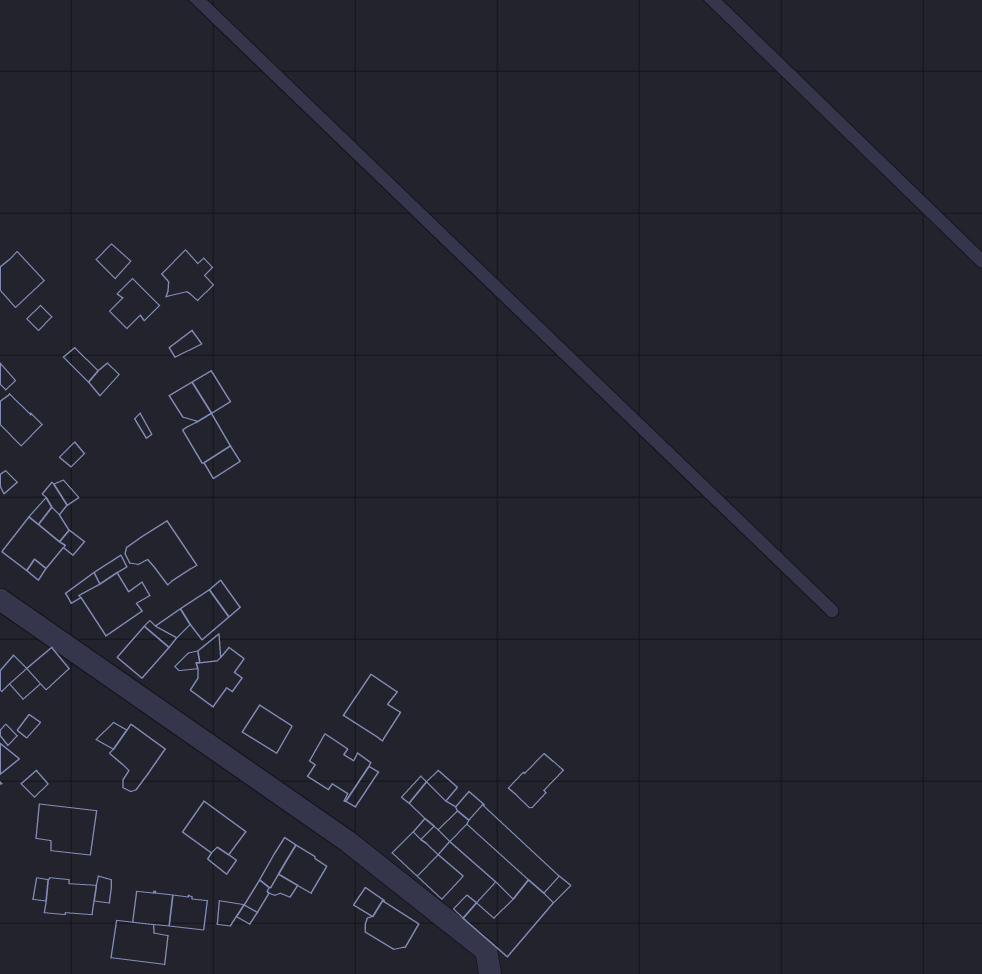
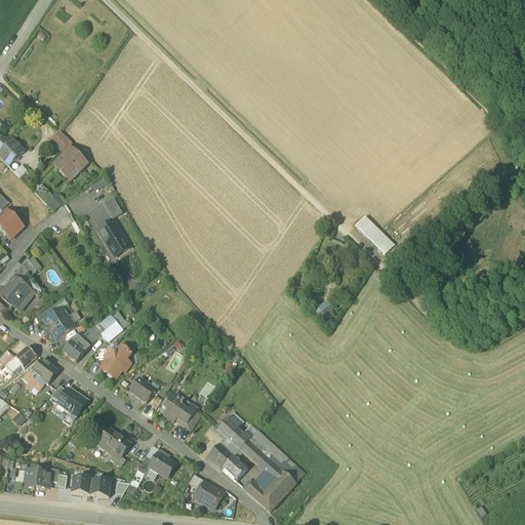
building: [162,250,213,301] -> none
building: none -> [352,215,393,255]
building: [125,521,197,585] -> none
building: none -> [23,358,58,391]
building: [343,674,400,741] -> none
building: [508,754,563,808] -> none
building: [36,804,97,855] -> none
building: [111,920,168,965] -> none

